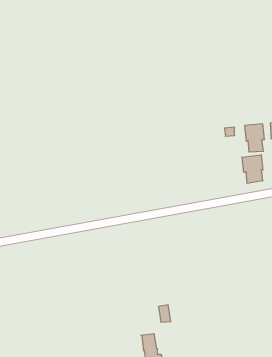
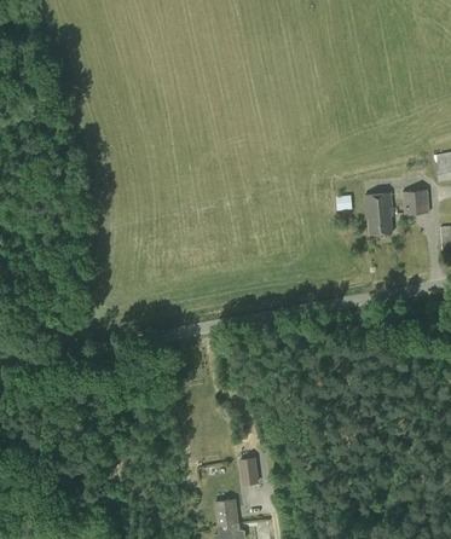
building: [242,155,263,183] -> none

